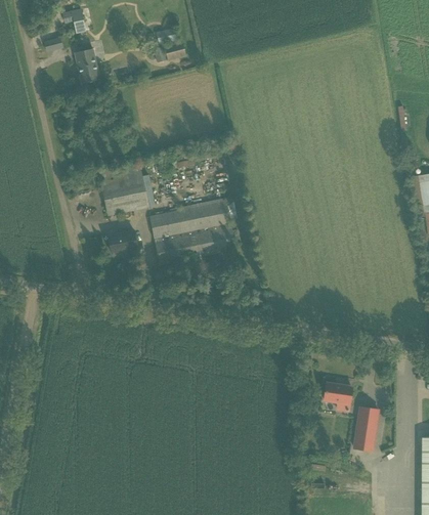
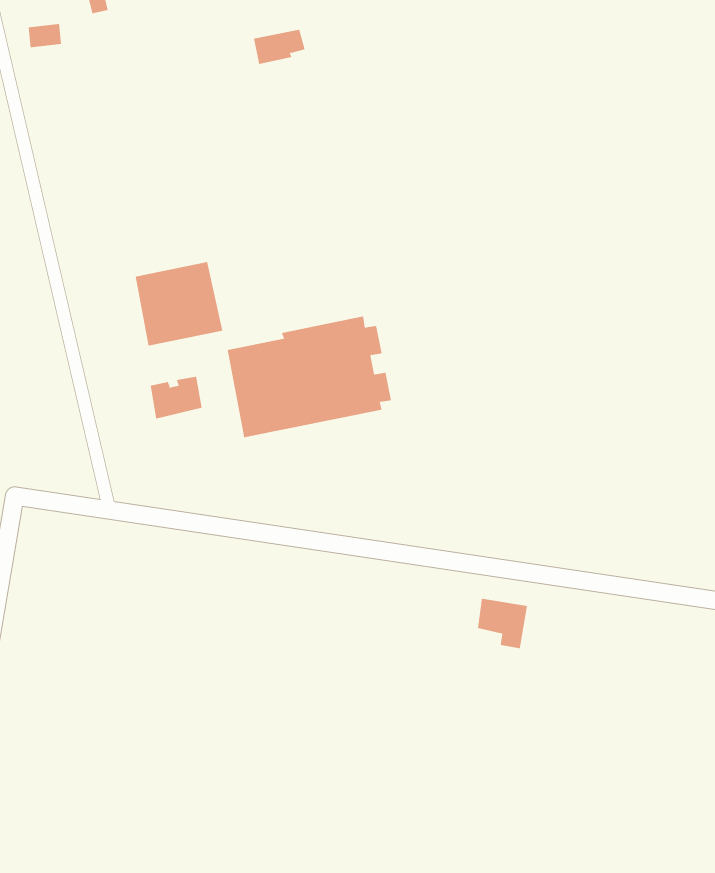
building: [75,48,100,84] -> none
building: [325,383,352,411] -> [477,598,528,649]
building: [353,406,378,450] -> none

